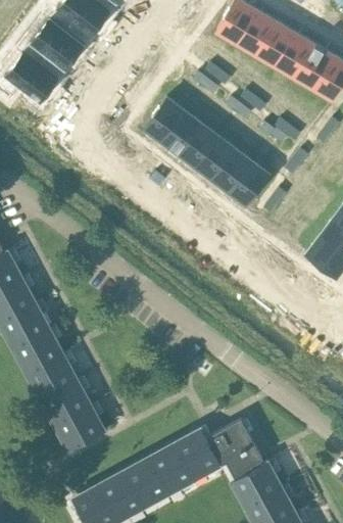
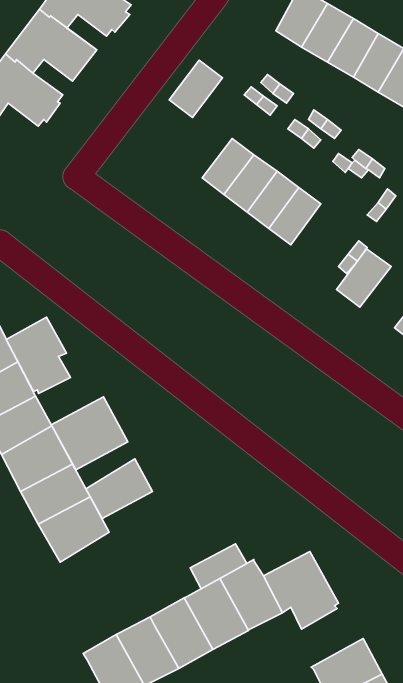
building: [145,99,185,142] -> [169,60,222,117]
building: [229,161,270,205] -> [337,249,391,307]
building: none -> [6,317,71,393]
building: none -> [51,397,128,470]
building: [56,408,106,453] -> [86,459,153,519]
building: none -> [190,544,247,589]
building: [231,462,283,509] -> none

